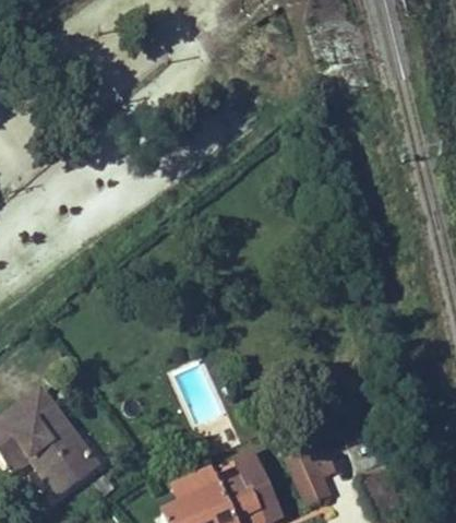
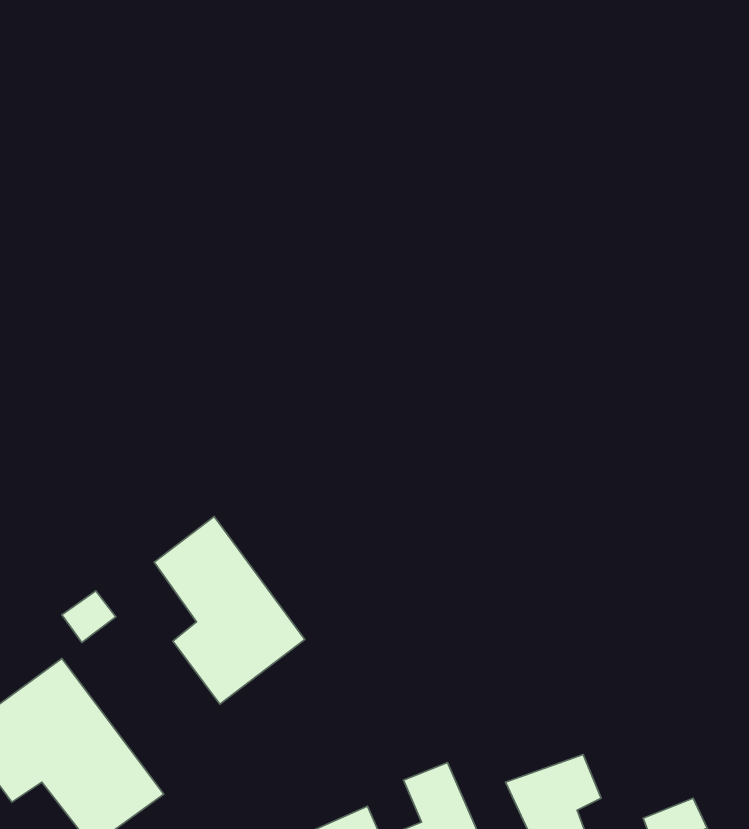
building: none -> [154,516,305,704]

